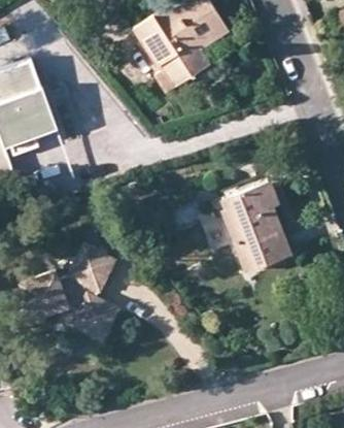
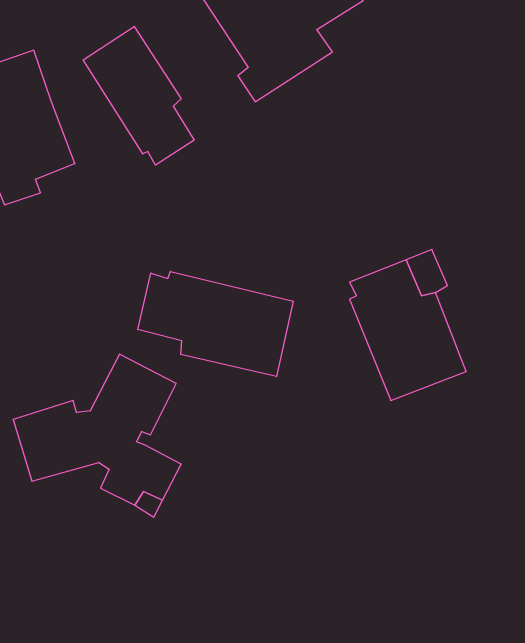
building: none -> [83,26,194,165]
building: none -> [138,271,293,377]

